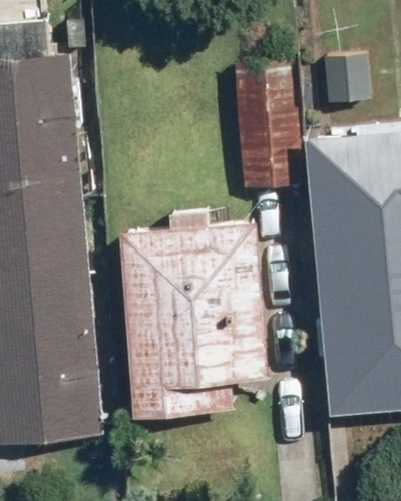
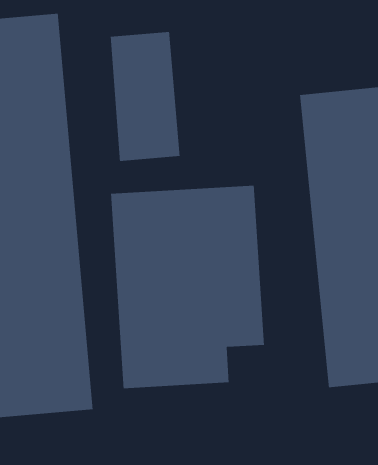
building: [233,60,301,186] -> [110,31,180,162]

